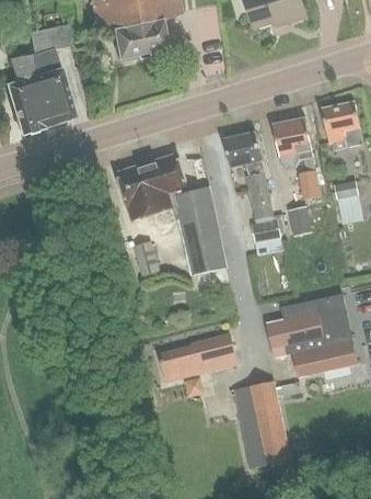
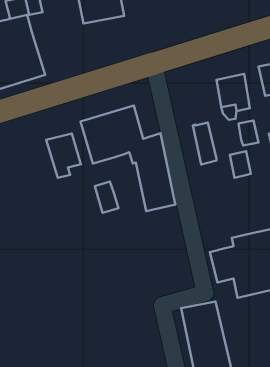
building: [223,132,263,175] -> none
building: none -> [46,133,81,178]
building: [251,214,285,243] -> none
building: [156,331,234,379] -> none

